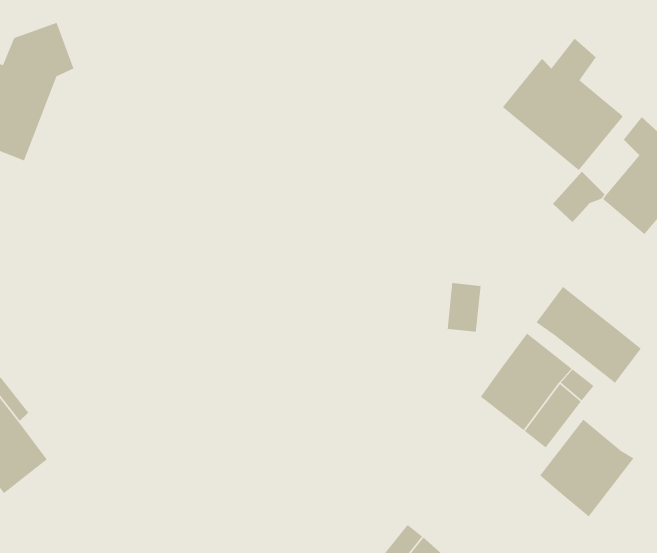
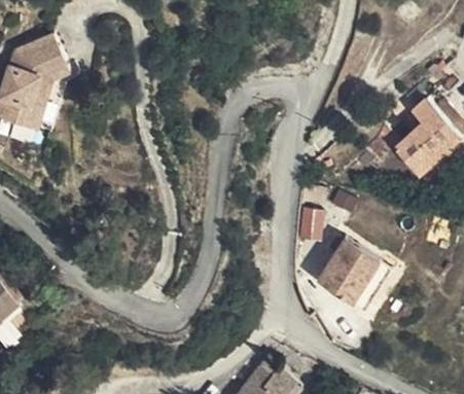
building: [502,37,624,171] -> none
building: [535,286,642,384] -> none
building: [539,419,634,518] -> none

